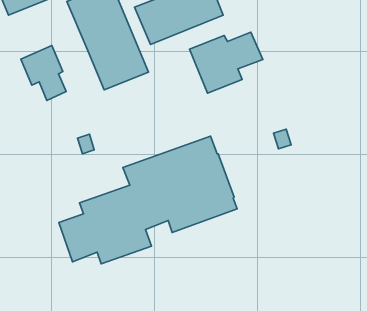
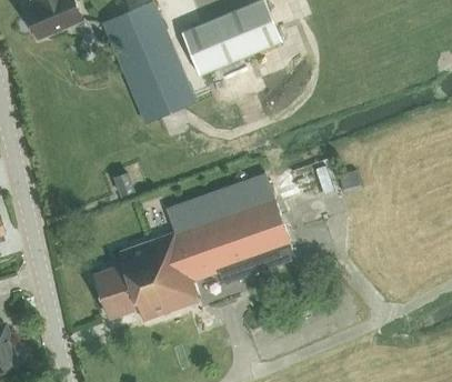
building: [189,32,263,93] -> none
building: [21,46,66,101] -> none

